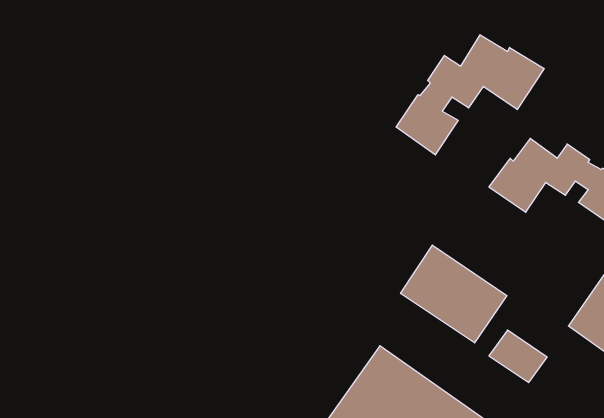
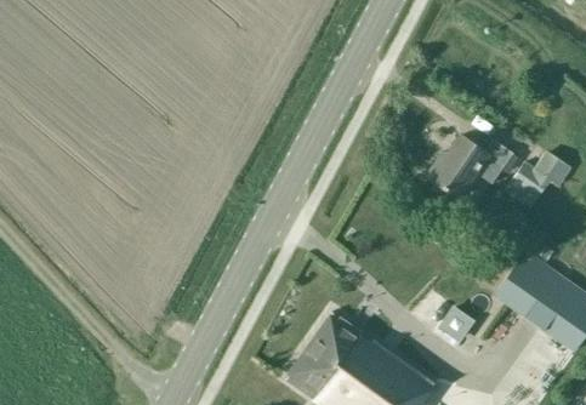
building: [396,35,544,155] -> none
building: [401,245,507,343] -> none

